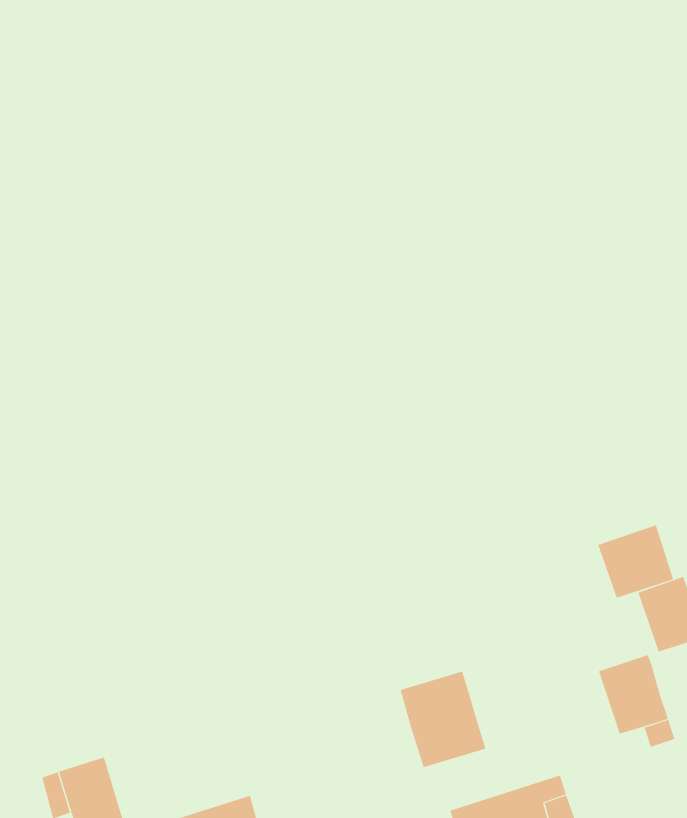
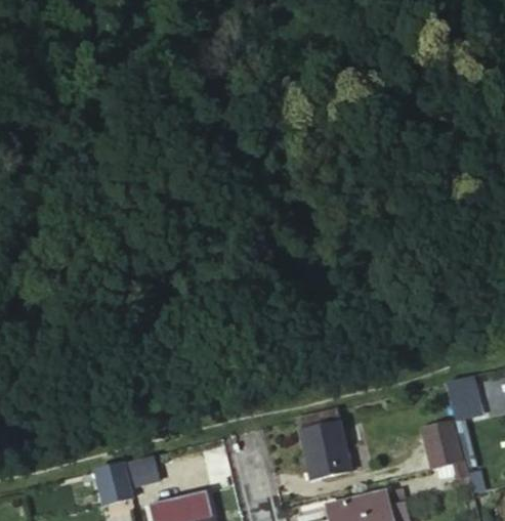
building: [597,525,674,599] -> none
building: none -> [121,454,158,489]

